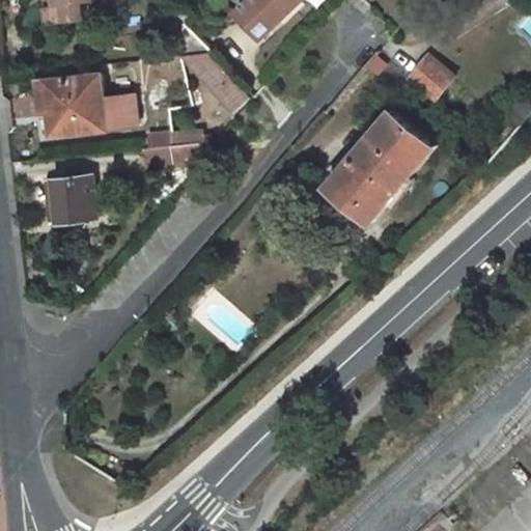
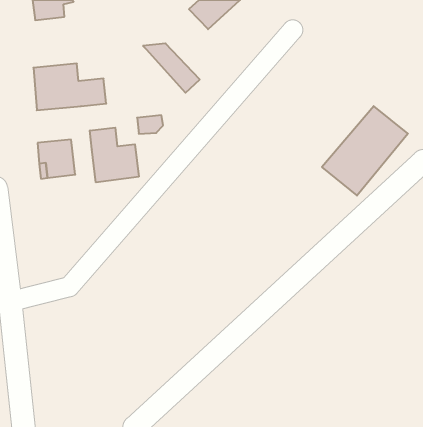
building: [407,55,452,100] -> none
building: [326,110,432,221] -> [322,106,408,196]
building: none -> [90,128,139,182]

